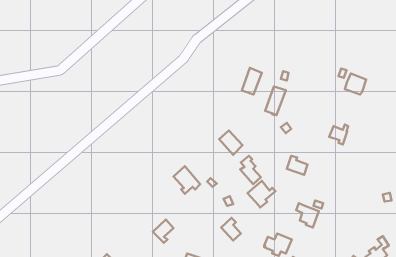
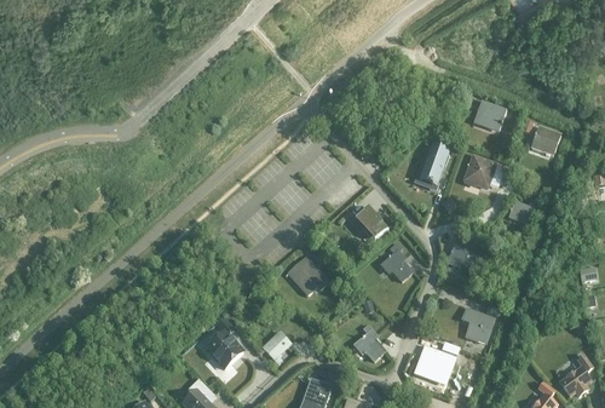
building: none -> [472,107,503,137]
building: [242,68,262,95] -> none
building: none -> [463,155,495,188]
building: [247,181,275,208] -> none
building: none -> [204,318,242,368]

